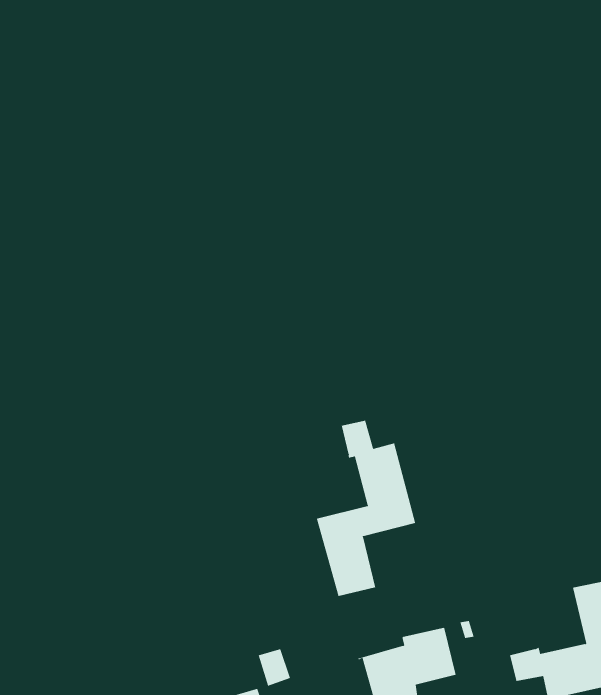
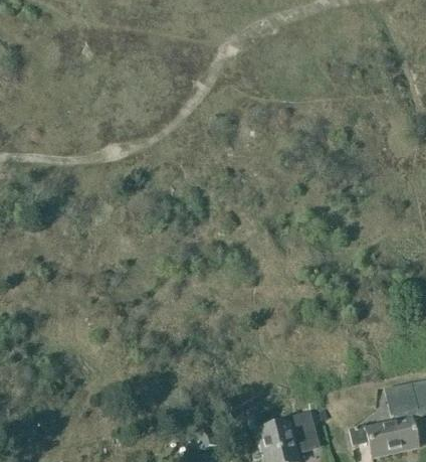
building: [316,420,416,597] -> none

